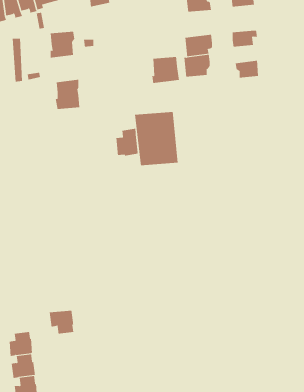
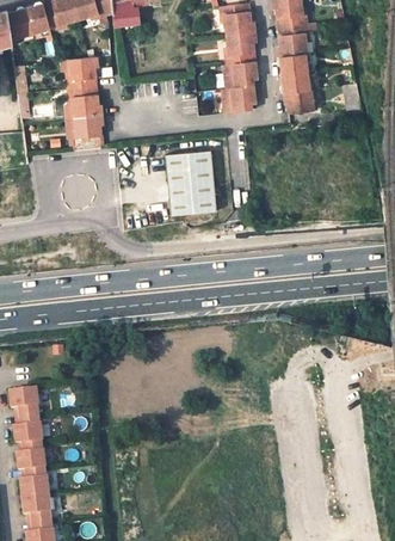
building: none -> [278,26,307,59]
building: none -> [280,74,314,96]
building: none -> [63,86,98,118]
building: [152,56,180,84] -> [226,32,259,64]
building: [116,128,138,156] -> none
building: [49,310,74,334] -> [10,388,39,417]

